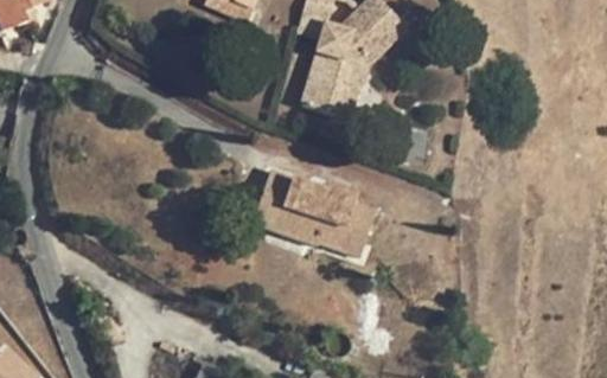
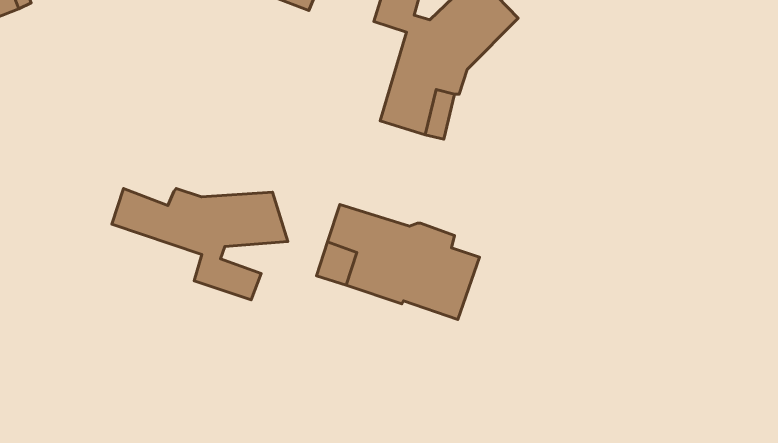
building: none -> [112,188,288,300]

